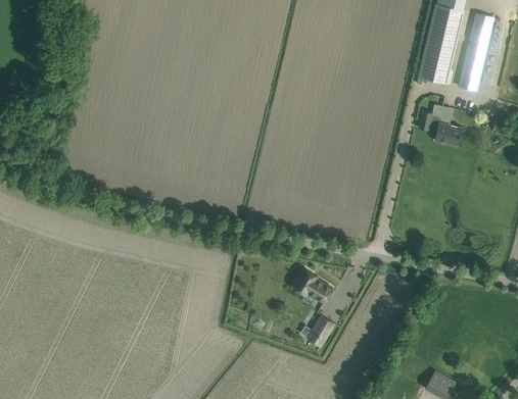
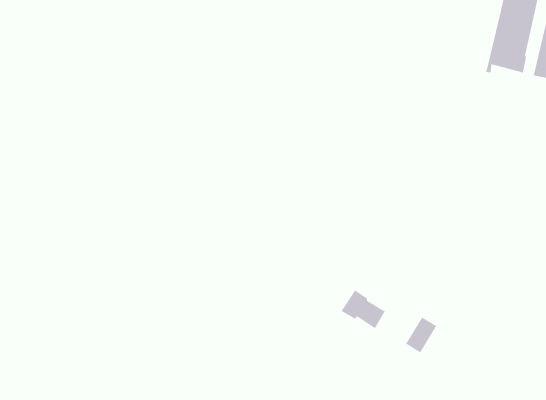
building: [418,110,462,145] -> none
building: [307,314,334,346] -> [405,316,437,353]

